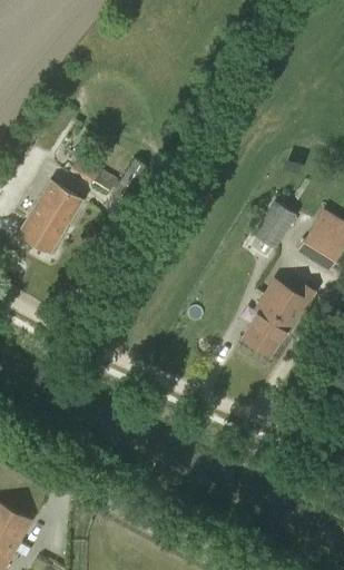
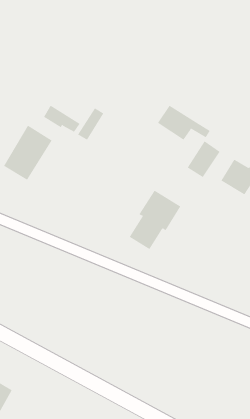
building: none -> [157,105,210,140]
building: [243,278,309,355] -> [129,190,181,250]

